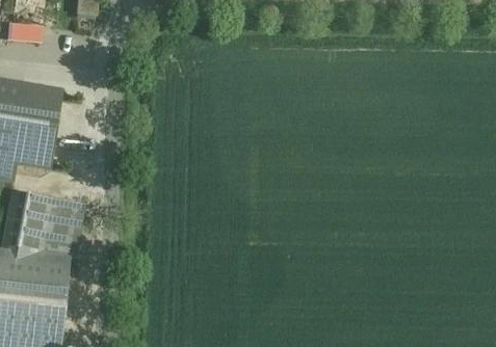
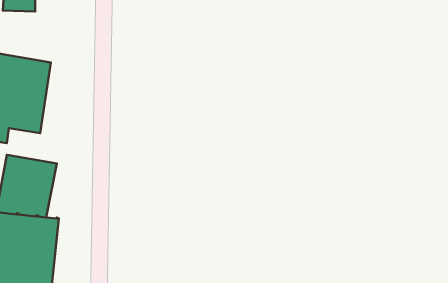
building: [54,198,82,258] -> none

